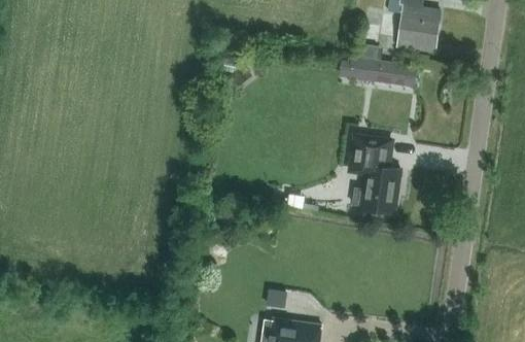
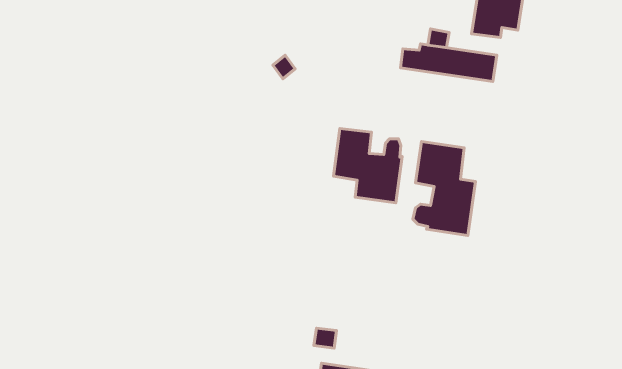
building: none -> [333,128,402,203]

